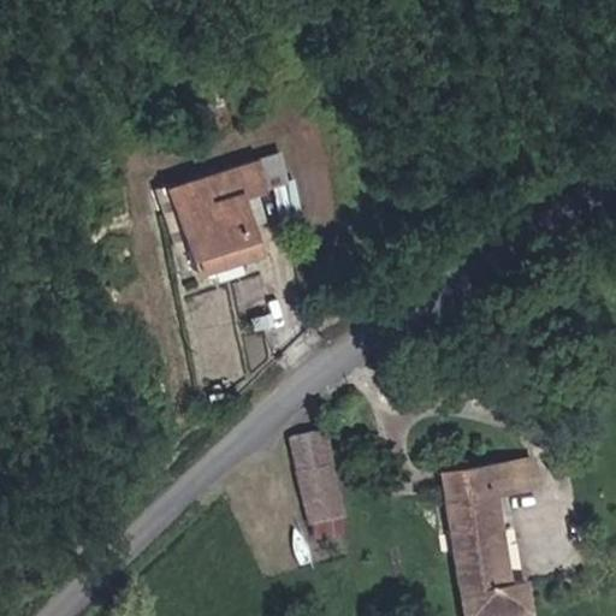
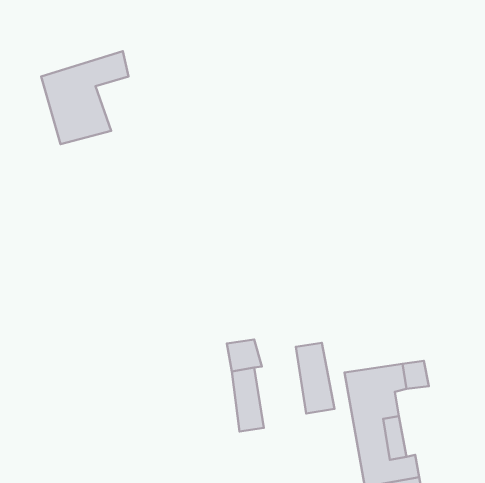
building: [170,152,278,267] -> [41,51,129,144]
building: none -> [296,343,334,413]

